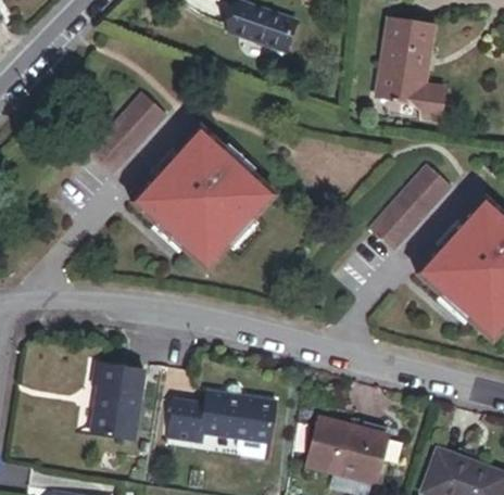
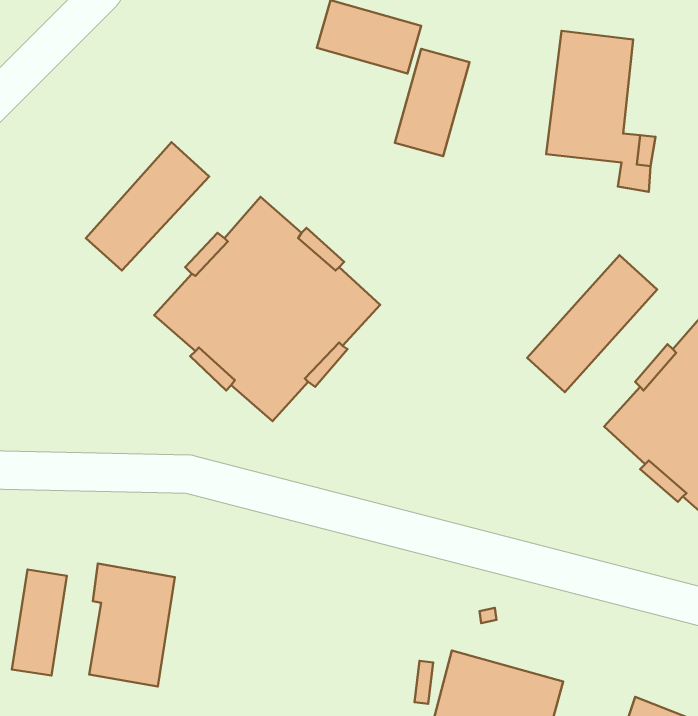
building: none -> [395,49,470,156]
building: none -> [12,570,67,676]
building: [162,379,267,450] -> none

